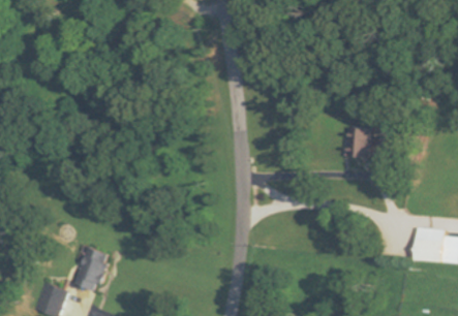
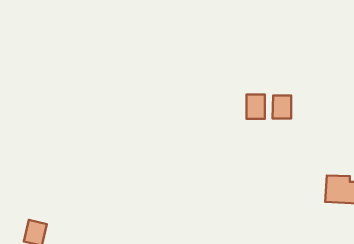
building: none -> [247,95,265,119]
building: [75,247,109,291] -> none

